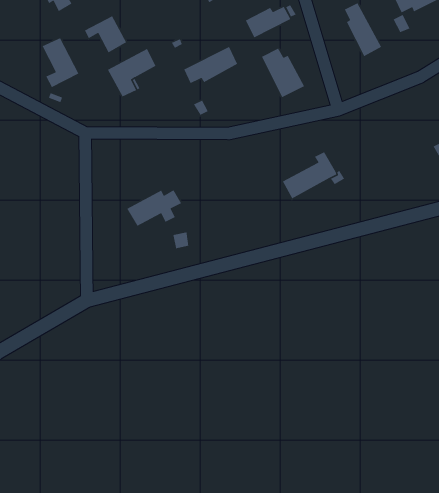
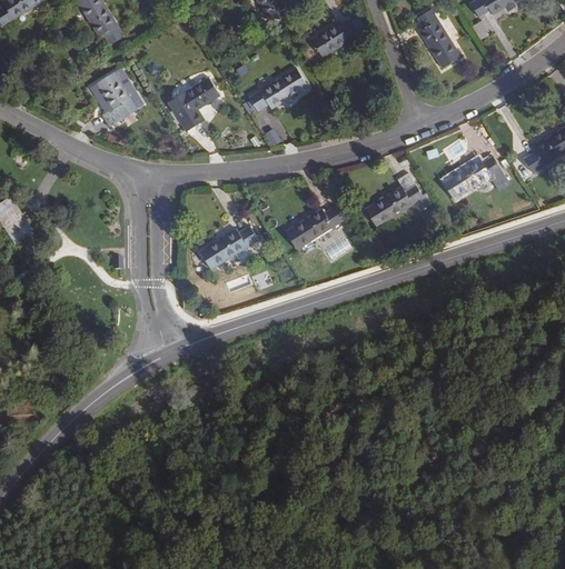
building: [84,15,127,53] -> none
building: [261,47,305,98] -> none
building: none -> [442,156,500,199]
building: none -> [284,206,344,250]

